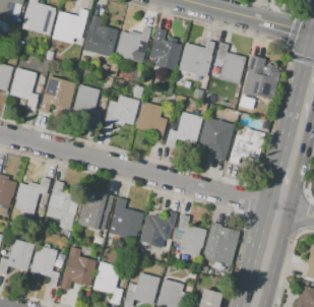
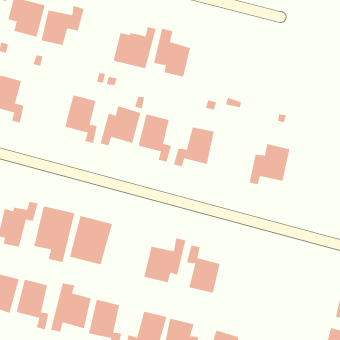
building: [83,15,117,57] -> none
building: [179,41,213,76] -> none
building: [216,43,245,84] -> none
building: [242,56,280,100] -> none
building: [40,76,75,118] -> none
building: [198,118,234,158] -> none
building: [109,197,142,239] -> none
building: [203,223,240,264] -> none

